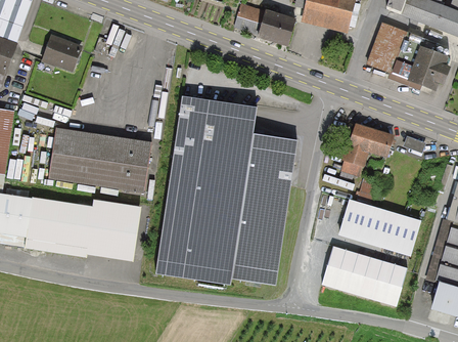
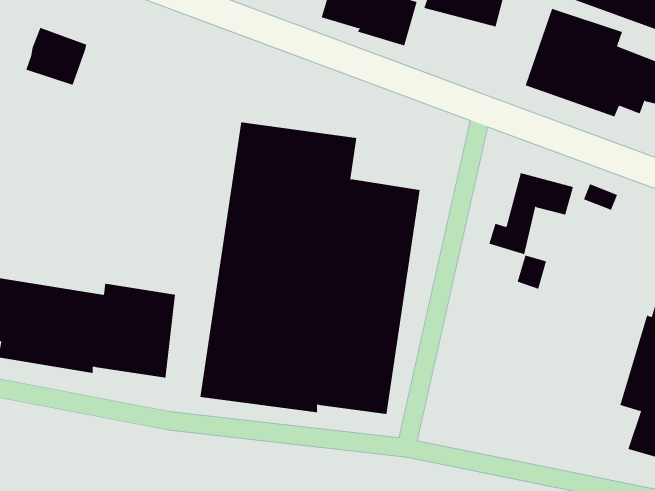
building: [49,128,152,193] -> none
building: [338,198,421,255] -> none
building: [321,246,407,306] -> none

